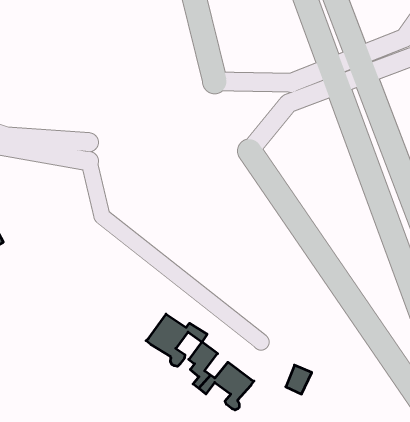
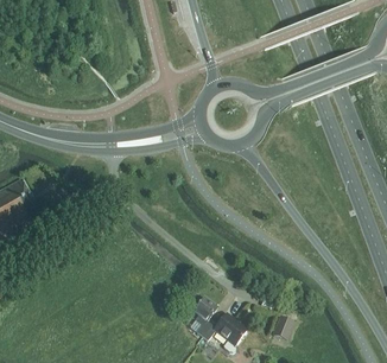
building: [146,314,207,366] -> none

